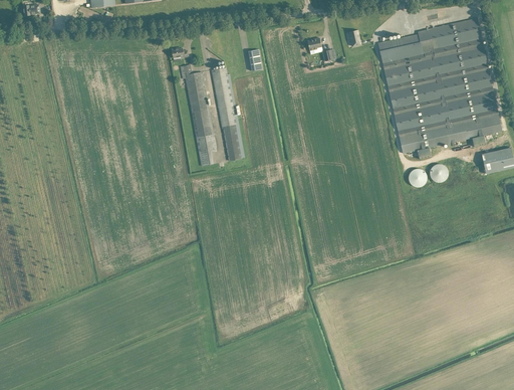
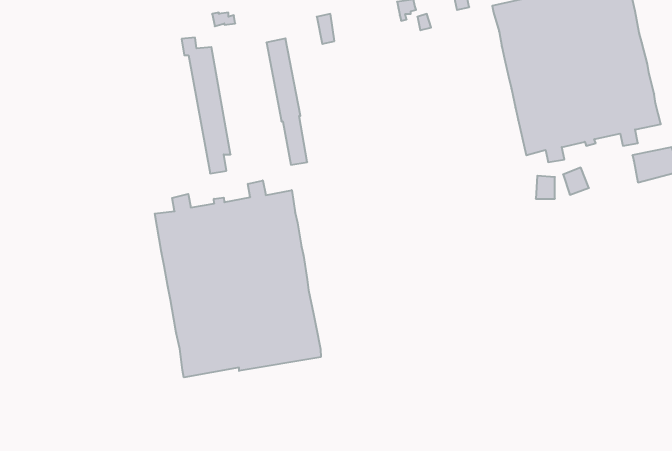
building: [180,64,216,165] -> [182,38,231,173]
building: none -> [155,180,321,377]

